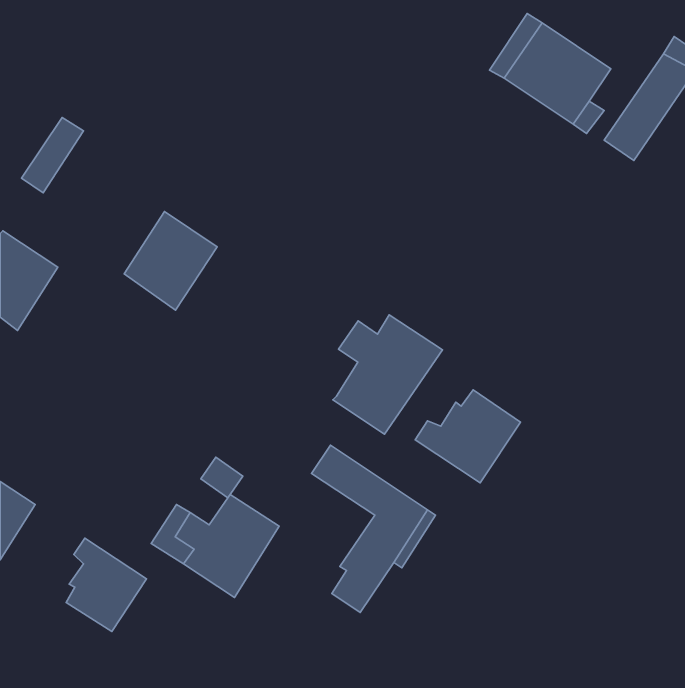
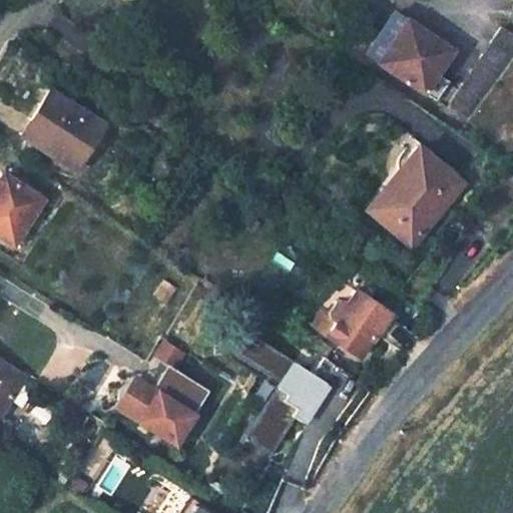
building: none -> [367,146,465,247]
building: [124,212,217,310] -> [35,98,104,171]
building: [333,315,442,434] -> none
building: [66,538,146,632] -> none

